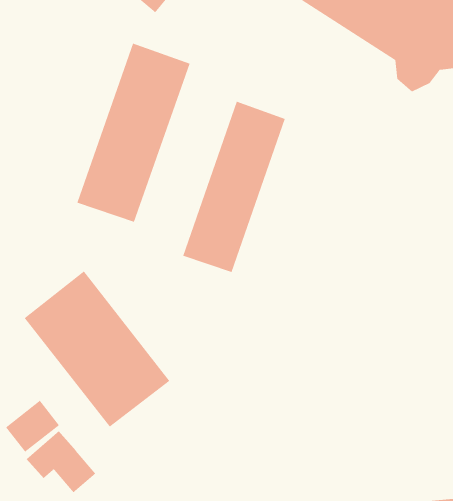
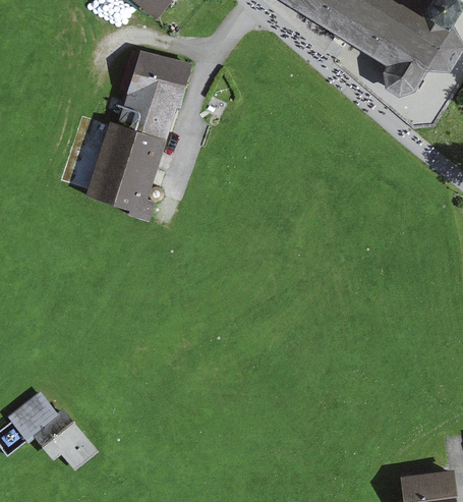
building: [182,101,285,273] -> none
building: [24,270,170,428] -> none

